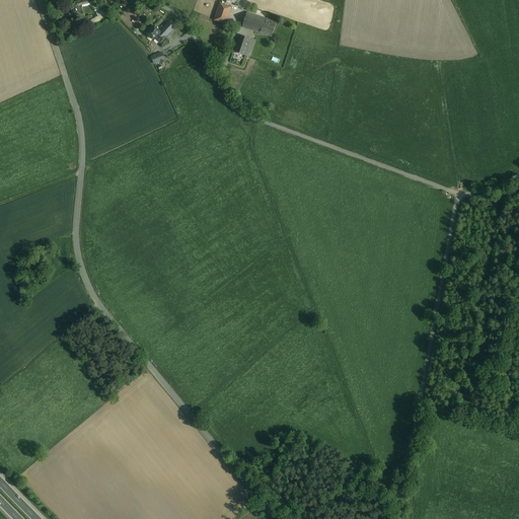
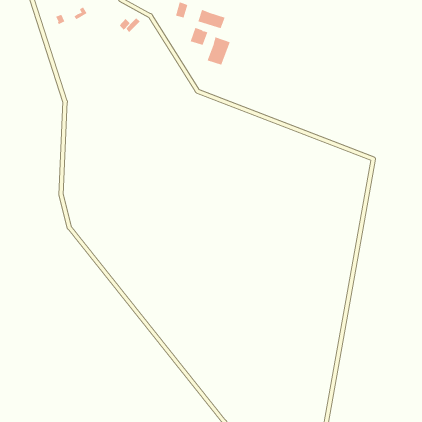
building: none -> [207,36,231,66]

